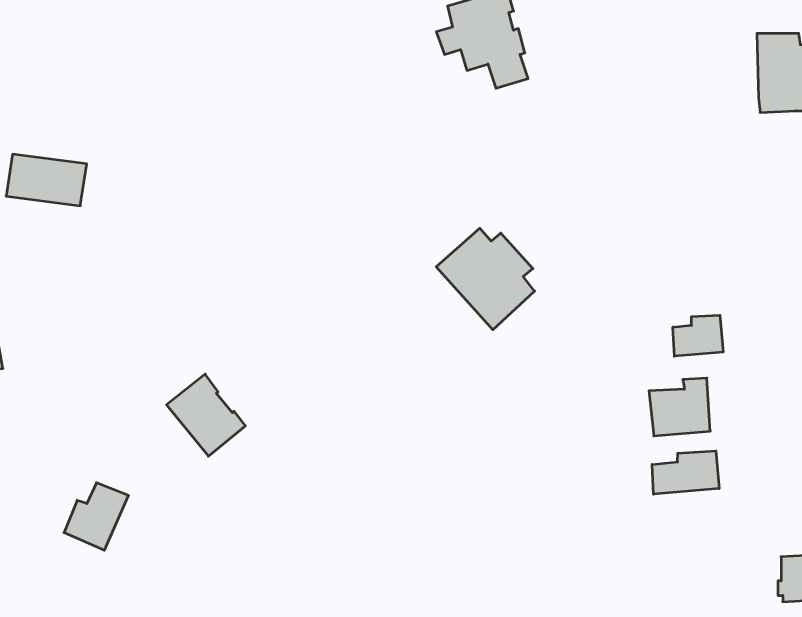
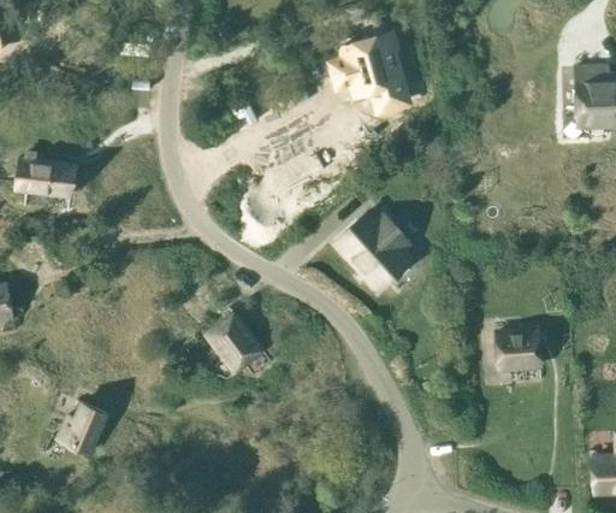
building: [673,315,723,356] -> none
building: [167,374,245,456] -> [206,311,265,372]
building: [652,451,719,494] -> none

